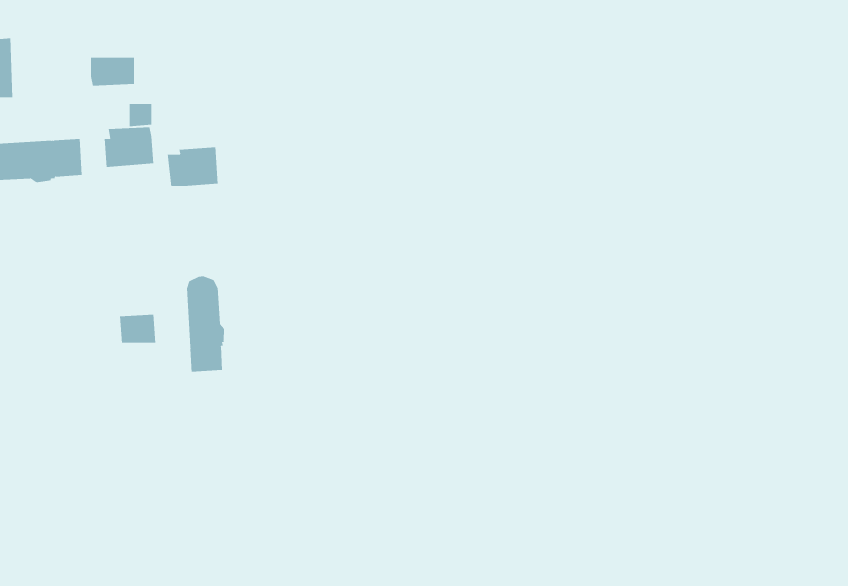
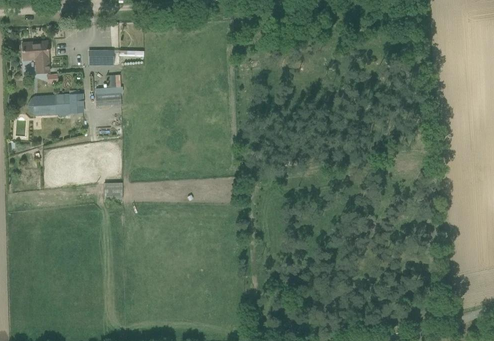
building: [167,147,218,187] -> none
building: [186,276,224,373] -> none

